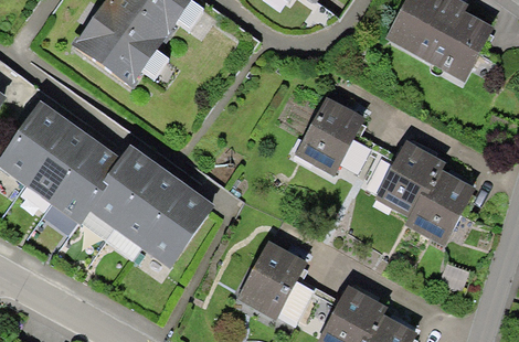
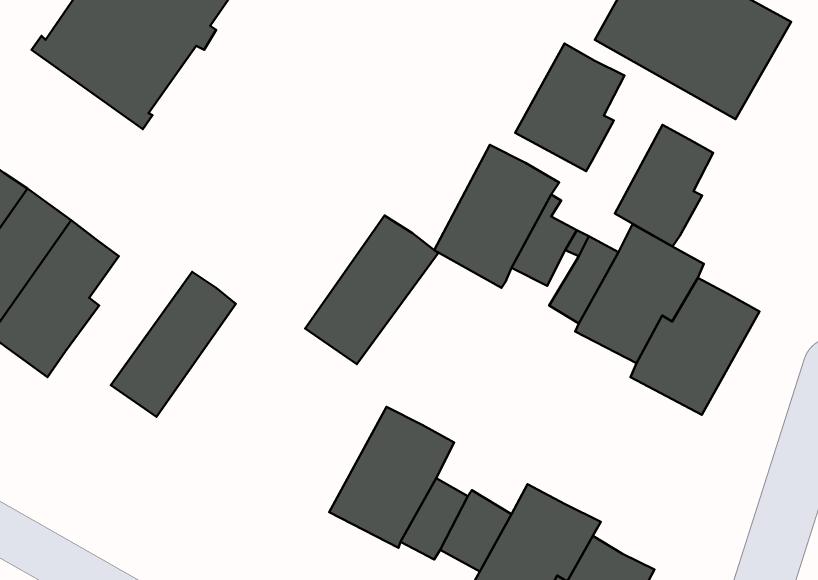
building: none -> [515,43,624,171]
building: none -> [615,125,713,247]
building: [89,145,160,229] -> none
building: [140,184,214,267] -> [305,215,438,364]

